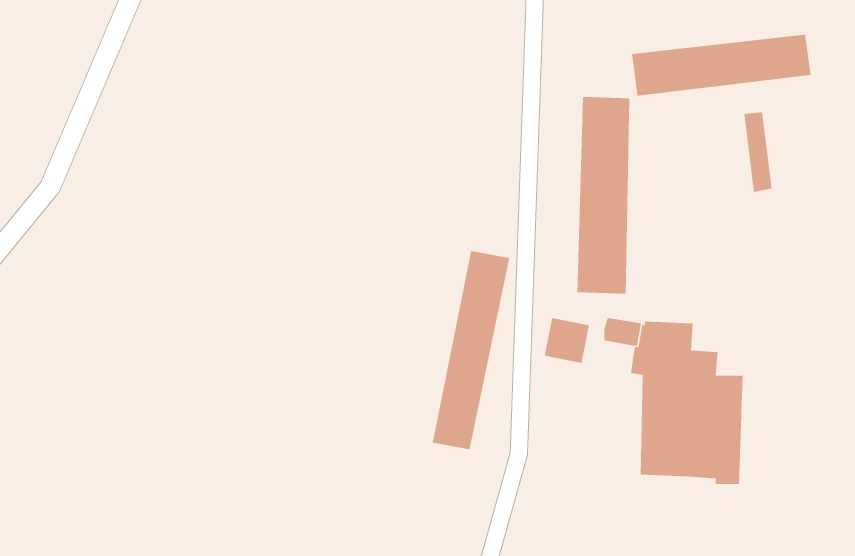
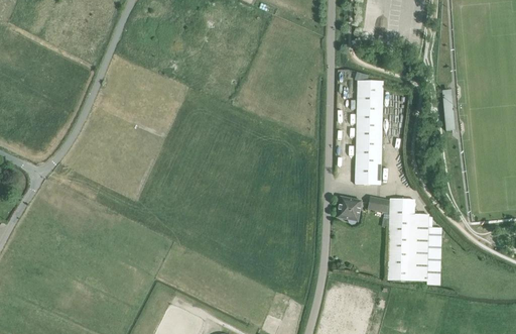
building: [631,34,811,97] -> none
building: [432,250,510,450] -> none

